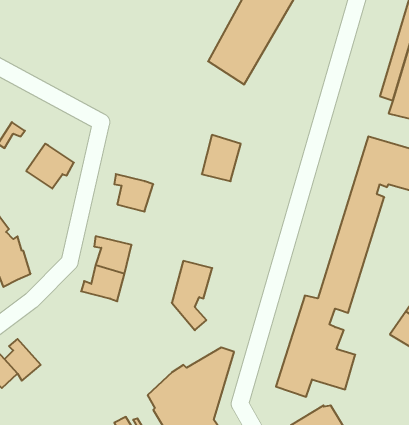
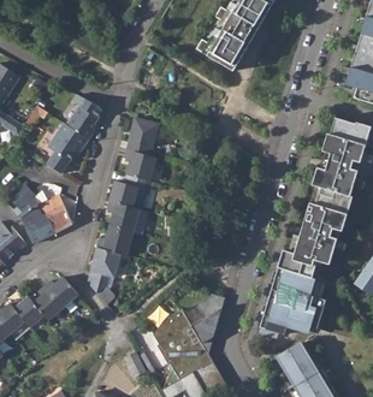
building: none -> [70,96,101,140]
building: [202,135,241,181] -> [126,117,159,155]
building: none -> [109,174,150,209]
building: none -> [45,194,72,232]
building: [172,261,212,330] -> [88,247,122,304]
building: none -> [45,277,78,308]

